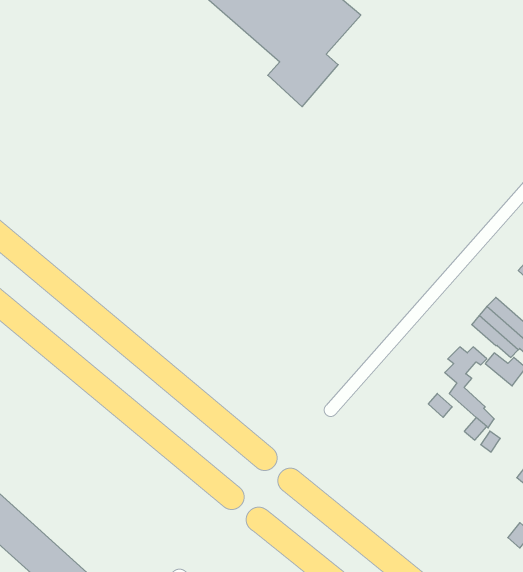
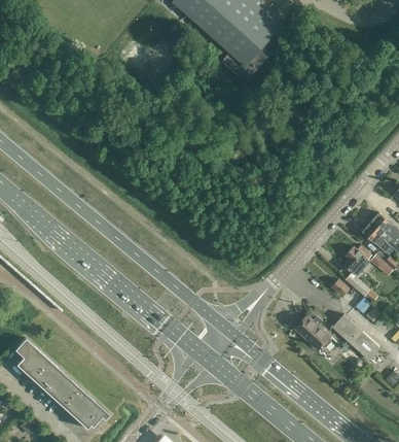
building: none -> [332,313,380,360]
building: none -> [294,314,330,349]

